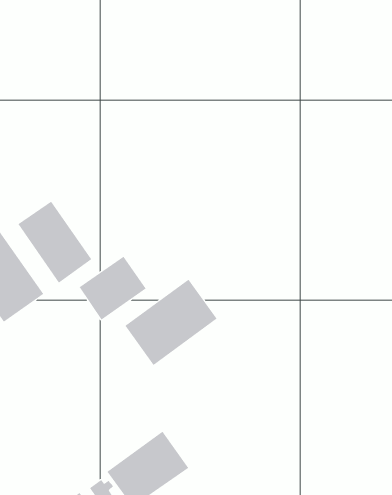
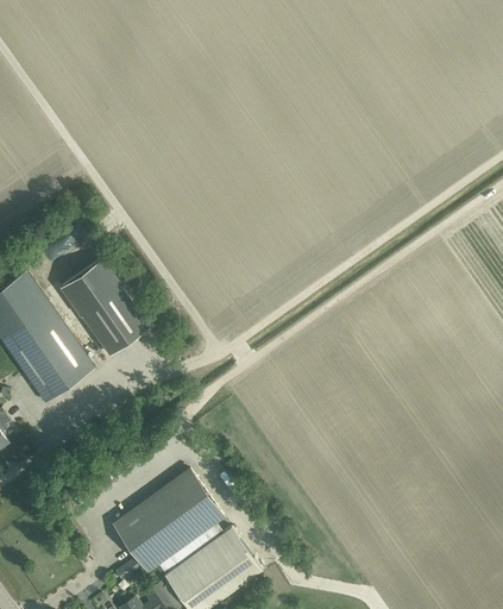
building: [79,256,146,320] -> none
building: [124,279,217,366] -> [114,470,222,571]

